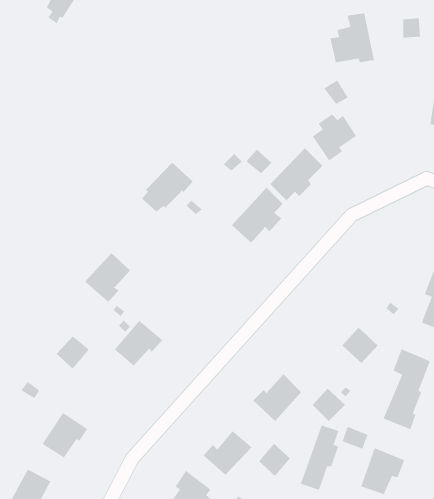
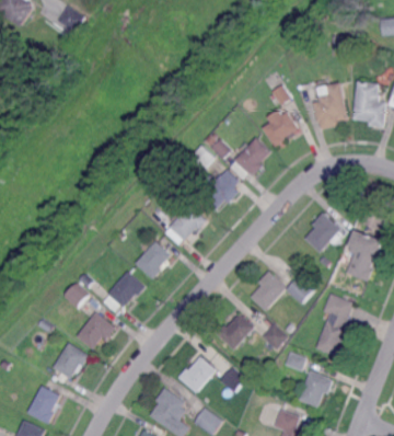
building: [330,12,375,63] -> [313,82,348,122]
building: [141,162,193,213] -> [165,205,206,244]
building: none -> [304,211,341,252]
building: [84,252,131,303] -> [135,240,171,279]
building: none -> [250,271,286,310]
building: none -> [77,311,116,348]
building: [300,424,339,491] -> none

